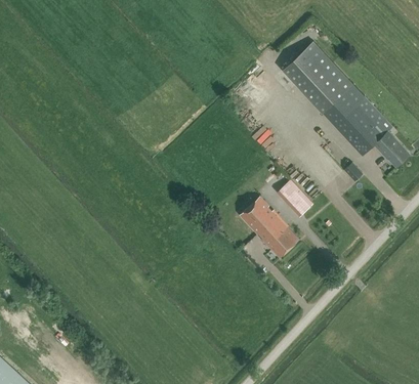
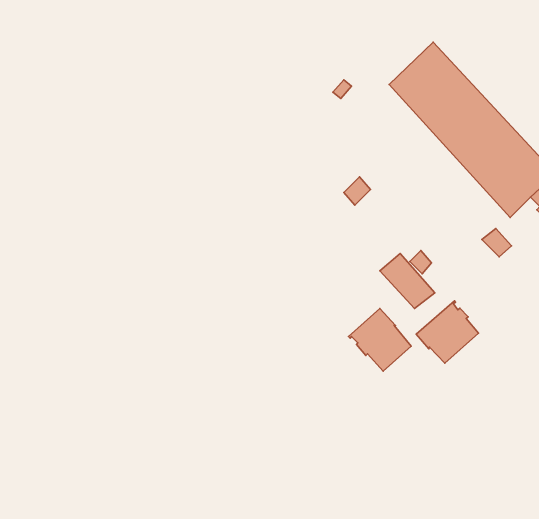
building: [240,197,278,233] -> none
building: none -> [416,301,479,363]

